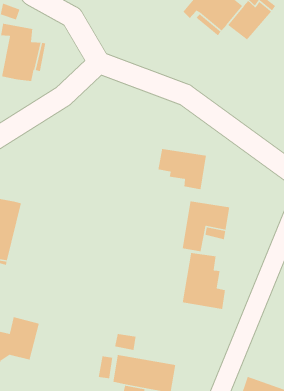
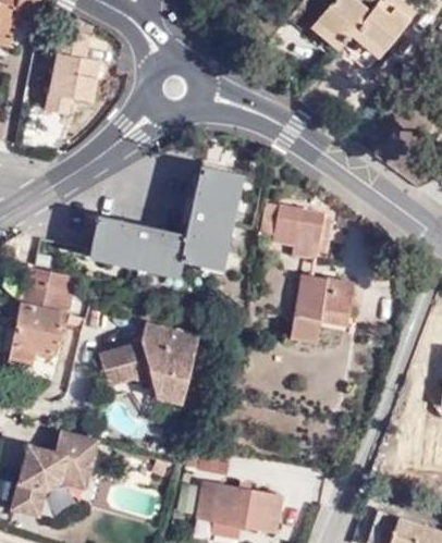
building: none -> [89,168,244,279]
building: none -> [98,321,198,404]
building: [182,252,226,310] -> none

